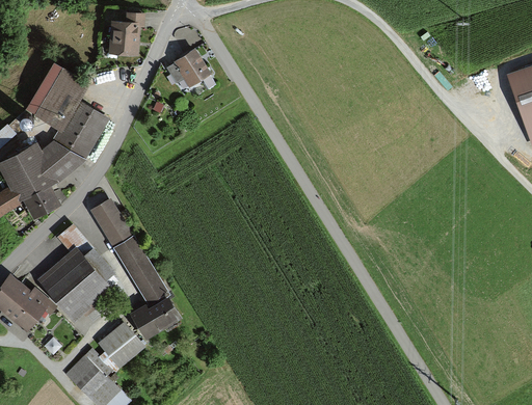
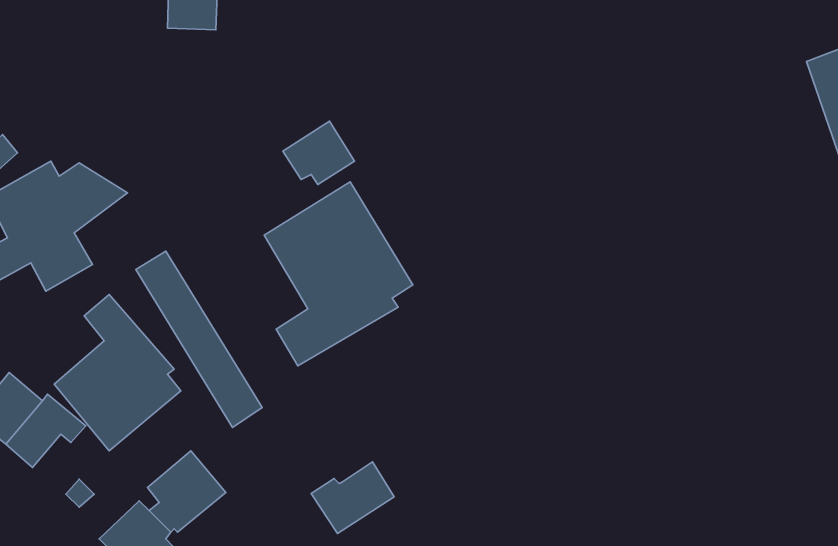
building: [165,49,210,88] -> [283,121,354,185]
building: [28,63,109,160] -> none
building: none -> [264,182,413,366]
building: [130,294,182,339] -> [311,462,394,534]

